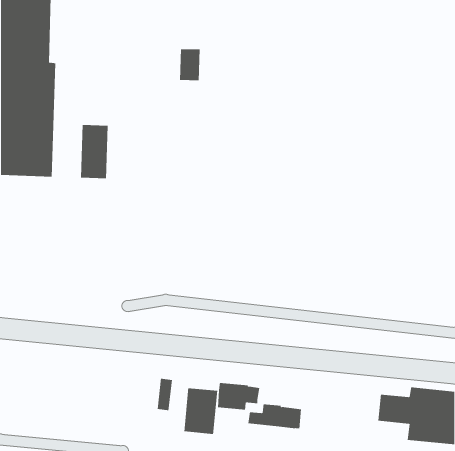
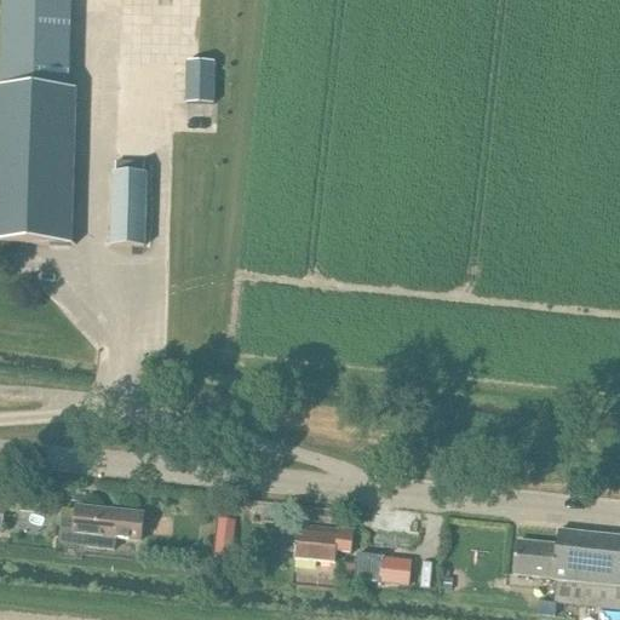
building: [179,49,200,81] -> [185,58,214,102]
building: none -> [61,503,143,547]
building: [184,387,218,435] -> none

